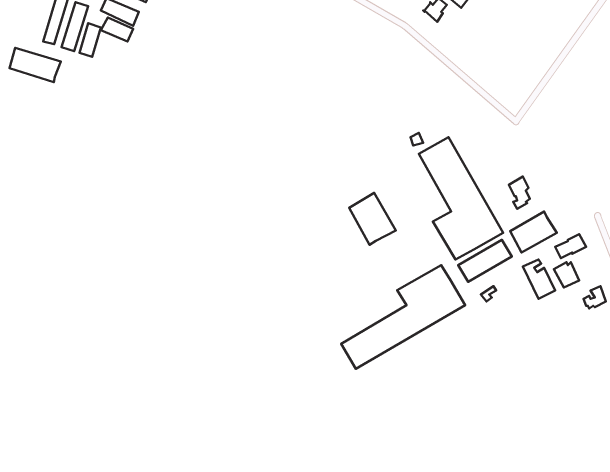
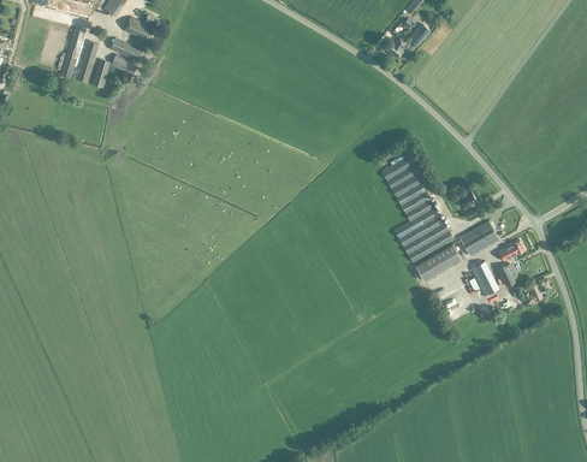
building: [10,48,61,82] -> none
building: [349,193,396,245] -> none
building: [341,265,465,369] -> none

